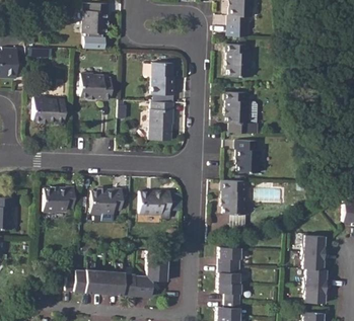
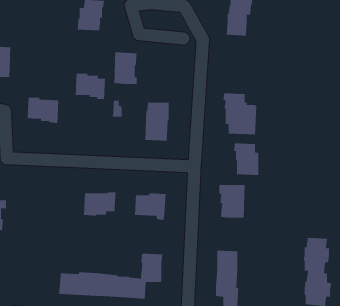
building: [227,47,253,80] -> none
building: [151,64,174,96] -> [114,52,138,85]
building: [43,188,74,213] -> none

